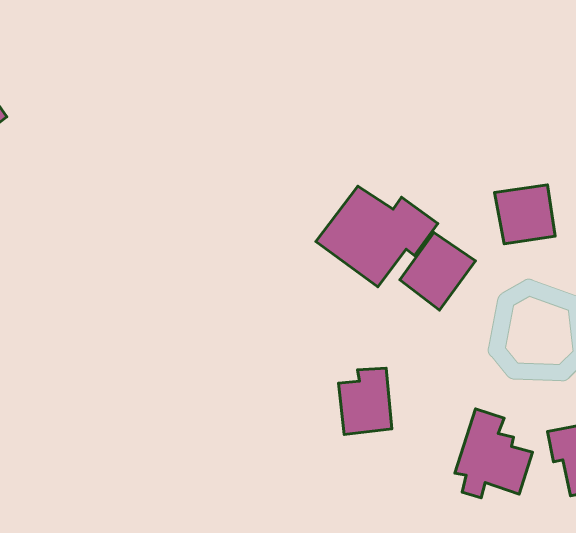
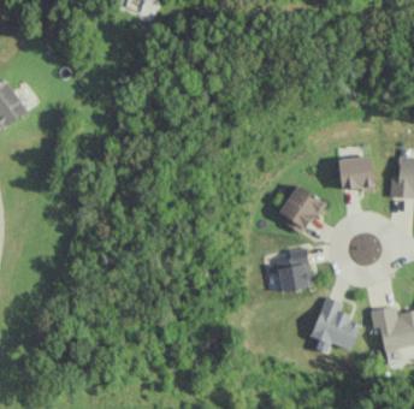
building: [316,186,438,287] -> none
building: [339,368,392,434] -> [277,249,310,291]

